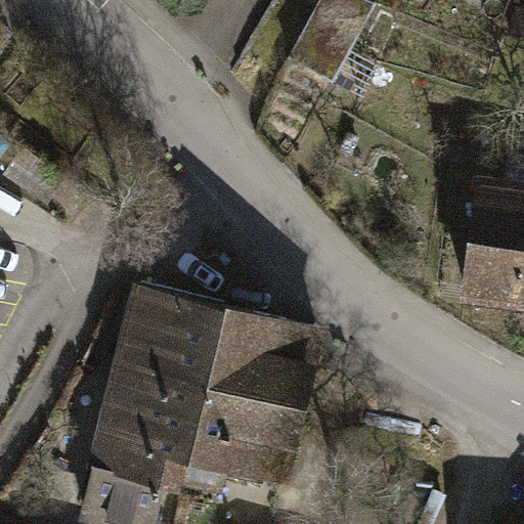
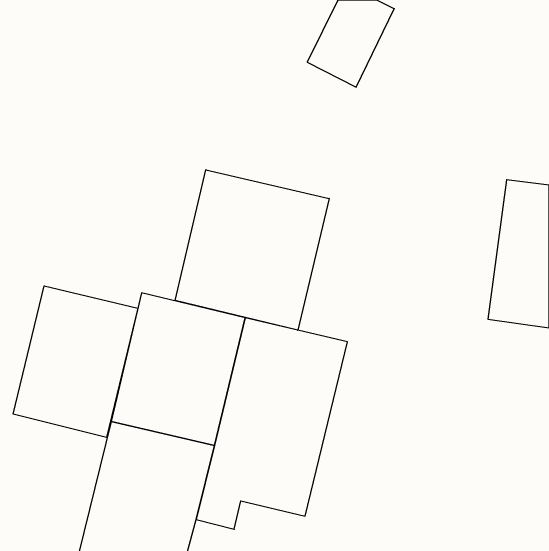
building: none -> [175,170,329,330]
building: none -> [13,286,138,437]

